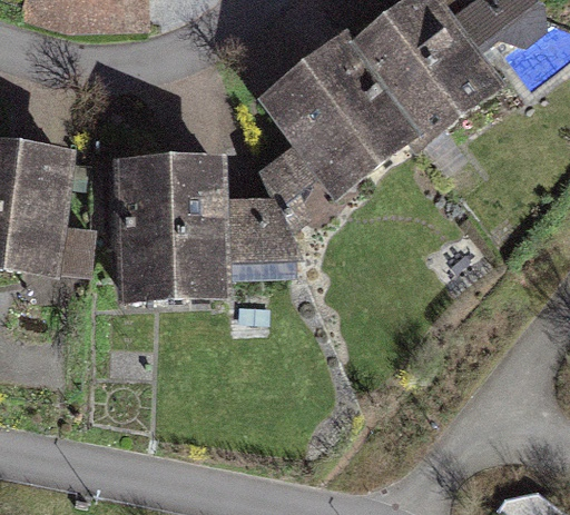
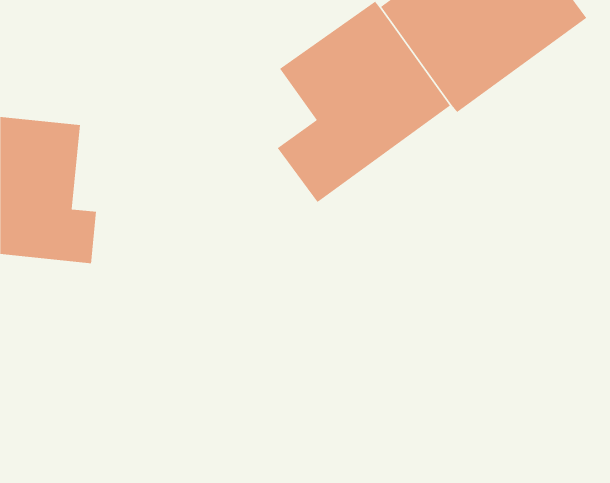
building: [114,155,294,291] -> none

